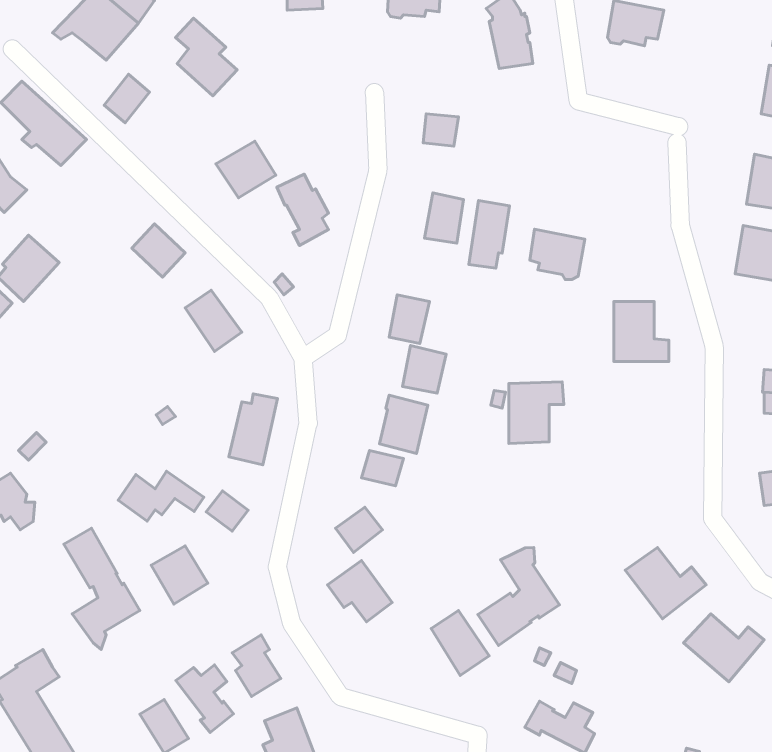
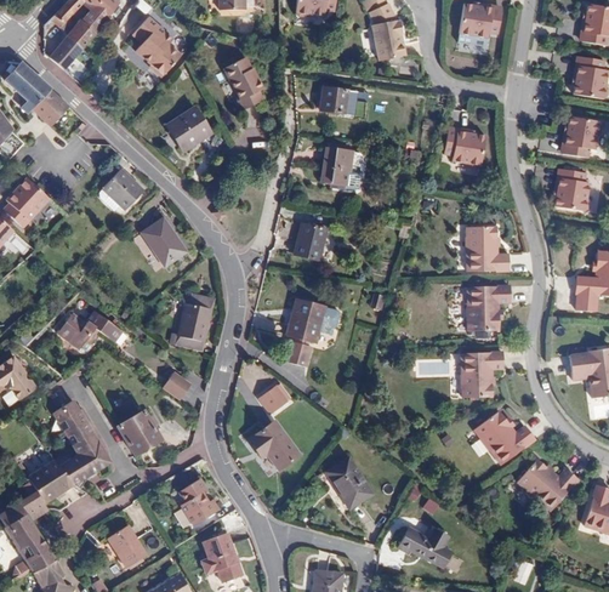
building: [104,74,149,123] -> [50,34,84,70]
building: [277,174,329,246] -> [226,57,264,110]
building: [469,201,510,268] -> none
building: [530,229,585,280] -> [444,131,485,169]
building: [402,346,446,393] -> none
building: [509,382,564,443] -> [466,288,507,334]
building: [118,471,204,521] -> [53,308,118,346]
building: none -> [460,357,501,402]
building: [478,547,559,645] -> none
building: none -> [29,460,74,502]
building: [176,665,234,733] -> none

